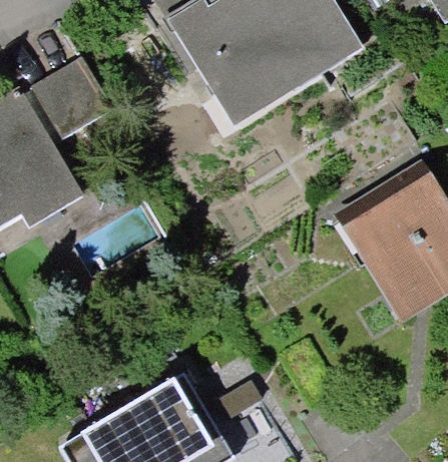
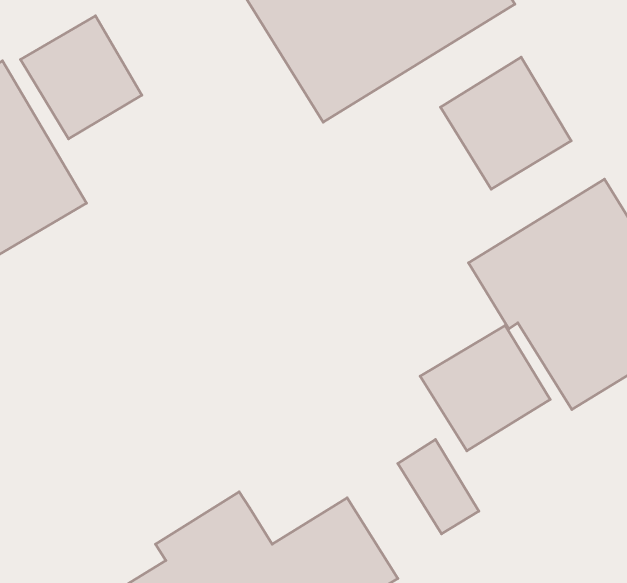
building: none -> [441,57,571,189]
building: none -> [420,326,550,451]

